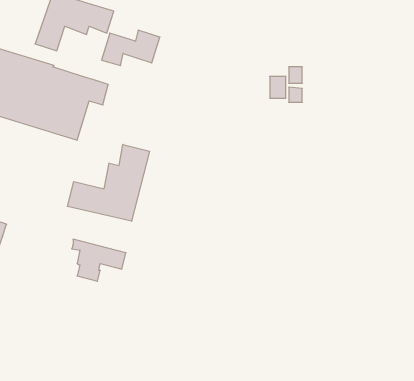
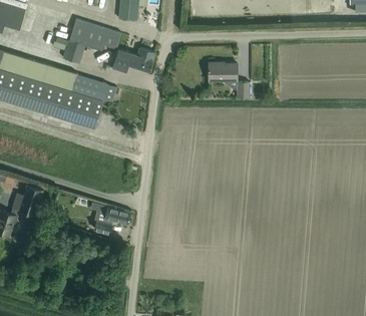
building: none -> [208,63,238,80]
building: [67,144,150,221] -> none

